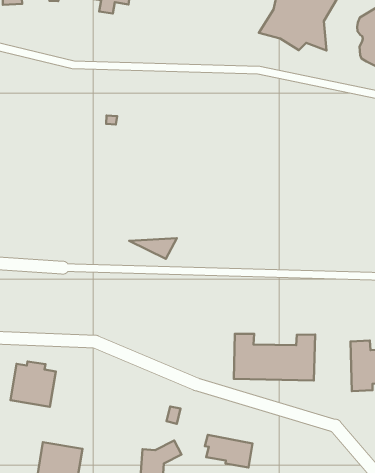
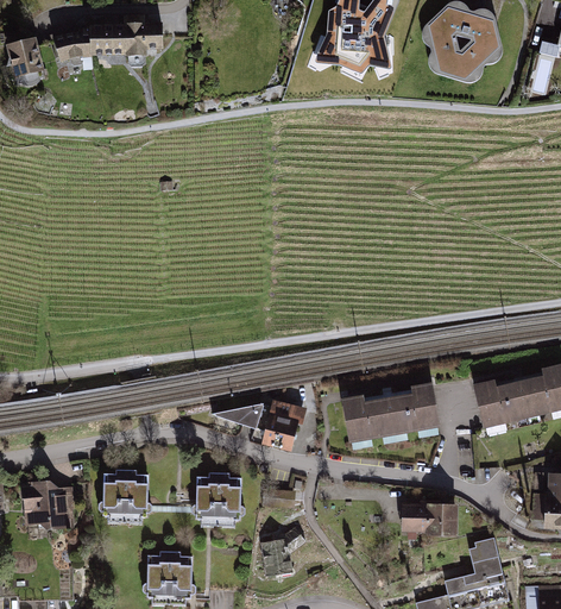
building: [129,238,177,259] -> [214,401,266,426]
building: none -> [261,397,303,450]
building: none -> [198,470,242,514]
building: [205,435,252,467] -> [401,501,453,529]

